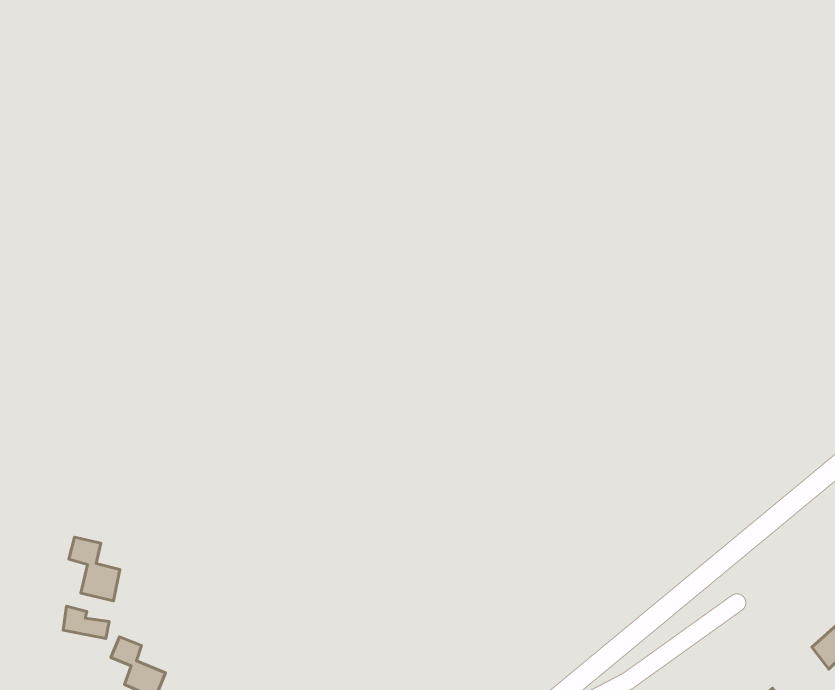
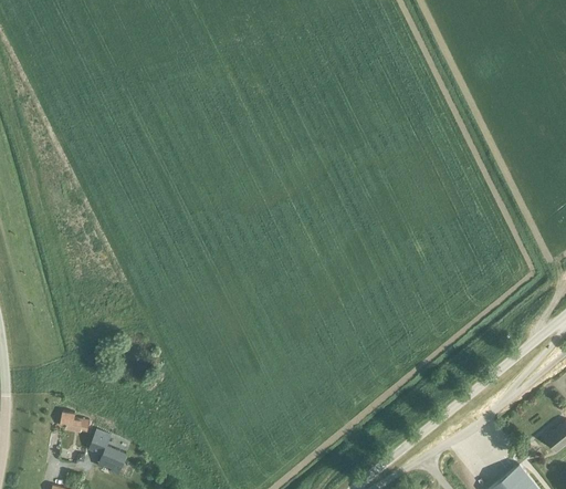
building: [69,537,120,601] -> none

